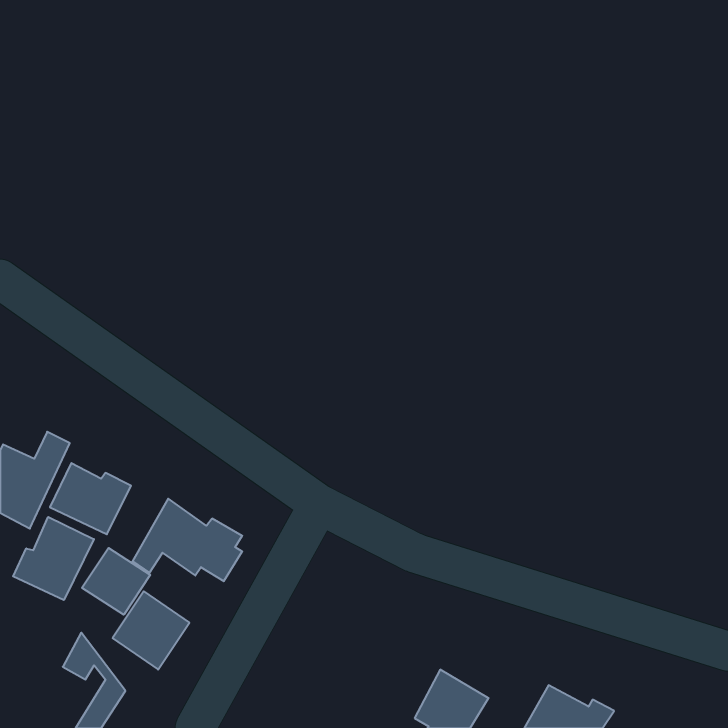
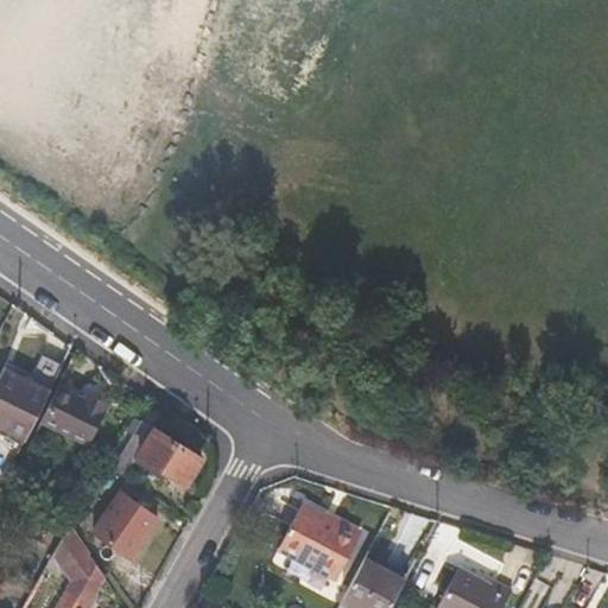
building: [13,517,94,600] -> none
building: [82,548,150,615] -> none
building: none -> [278,506,359,578]

